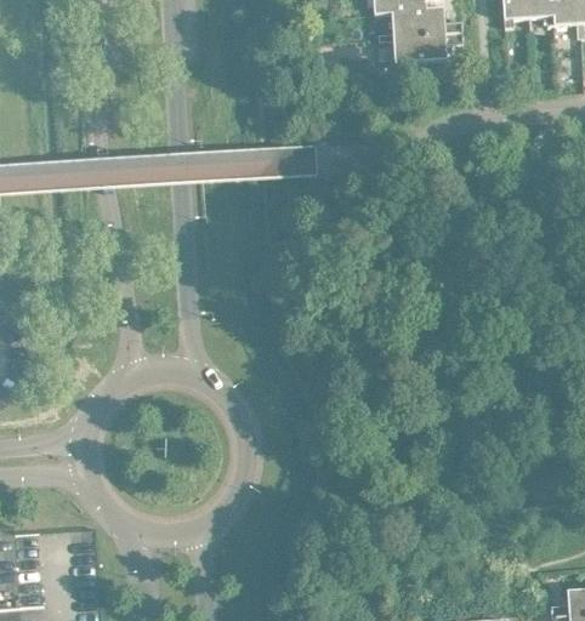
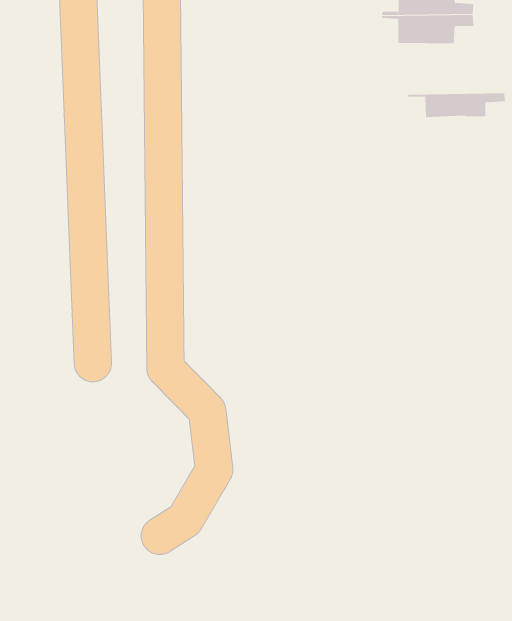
building: none -> [408,93,505,118]

